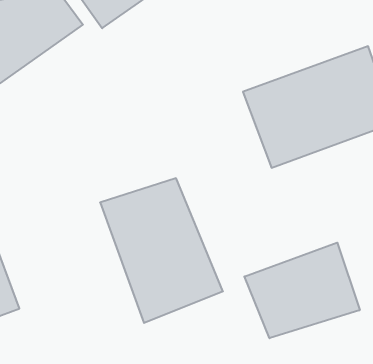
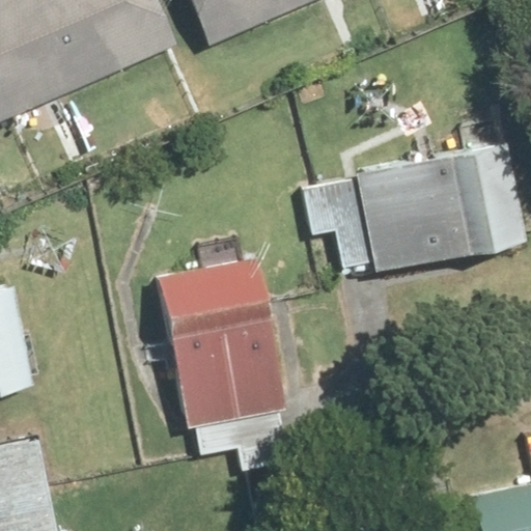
building: [244,243,360,338] -> none

